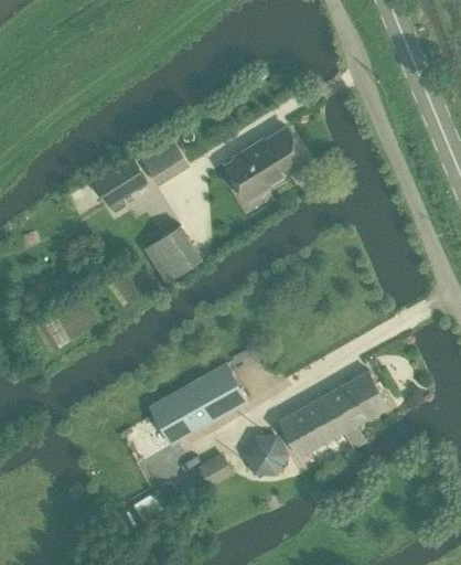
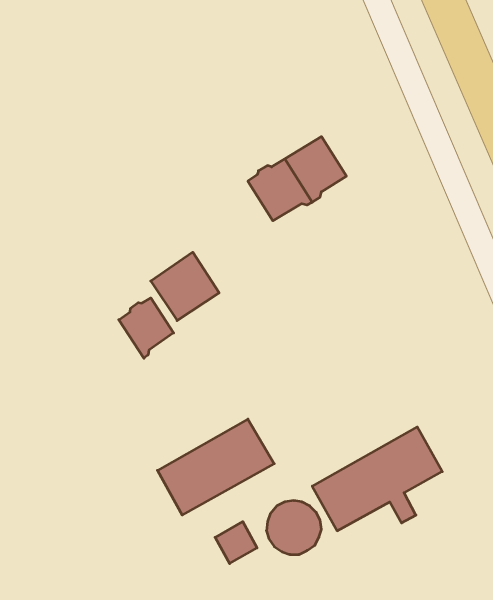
building: [140,137,187,183] -> none
building: [94,159,146,204] -> none
building: none -> [119,298,174,358]

